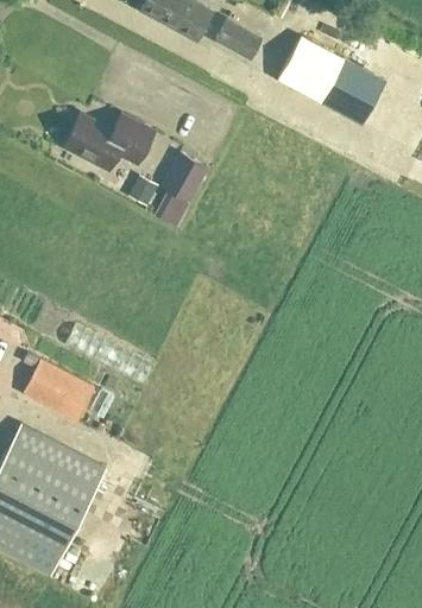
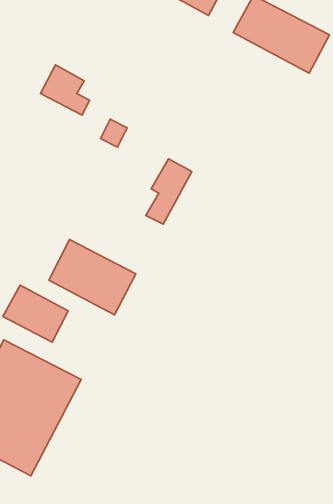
building: [103,114,155,164] -> none
building: [156,153,207,226] -> [146,159,192,224]
building: none -> [49,240,136,315]

